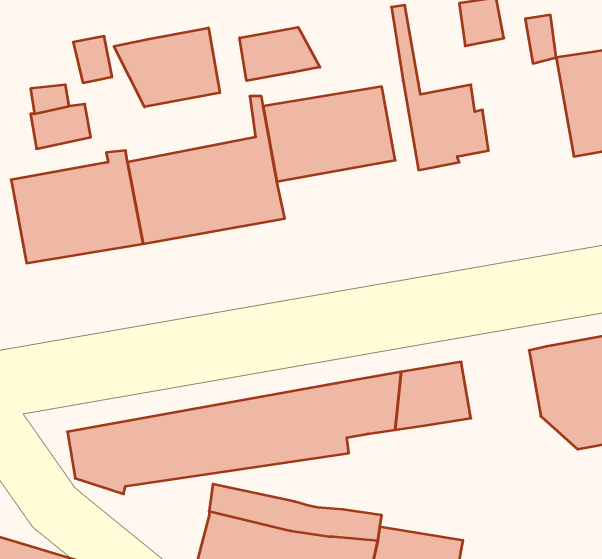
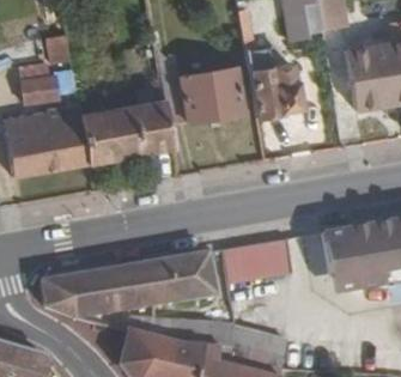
building: [240,27,320,81] -> none
building: [114,28,220,107] -> none

